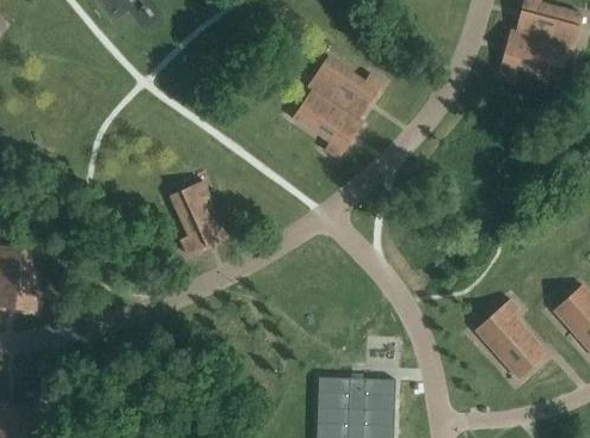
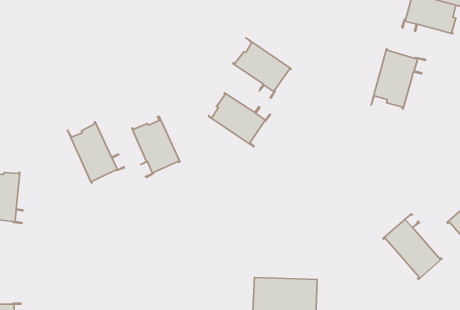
building: [307,56,382,122] -> [209,93,271,147]
building: none -> [371,49,425,109]
building: none -> [67,122,124,183]

